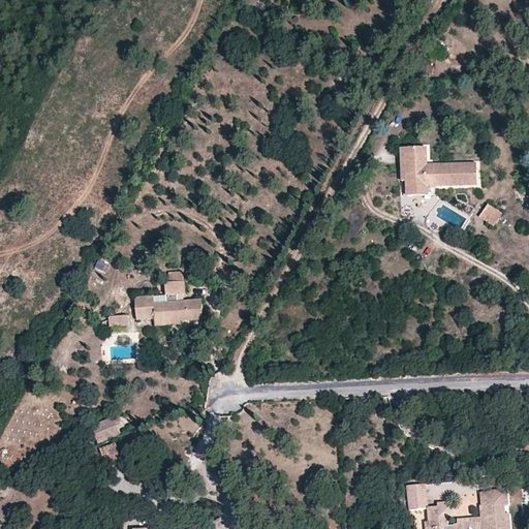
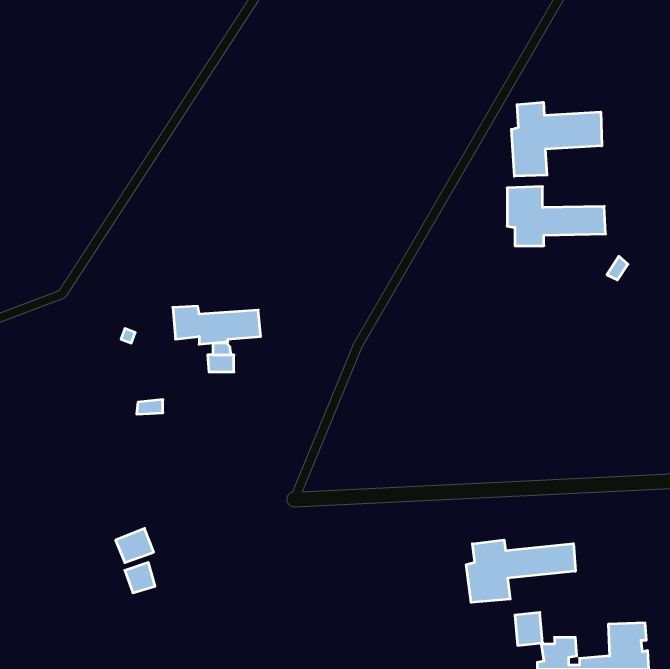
building: none -> [511,102,602,176]
building: [134,294,204,324] -> [173,306,261,344]
building: none -> [466,540,575,602]

